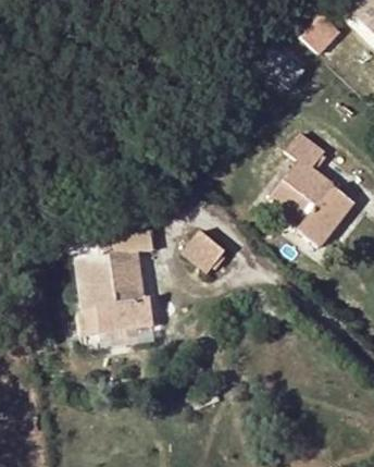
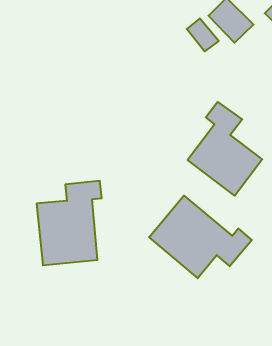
building: [180,229,227,274] -> none
building: none -> [149,196,252,278]

